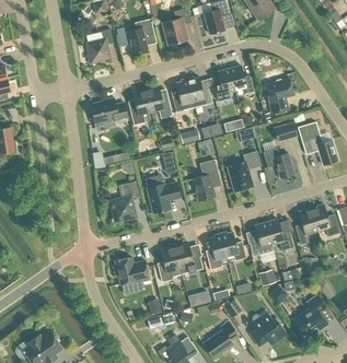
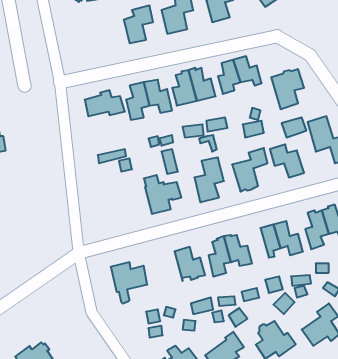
building: [86,28,114,63] -> none
building: [111,182,139,221] -> none
building: [158,247,182,282] -> none

